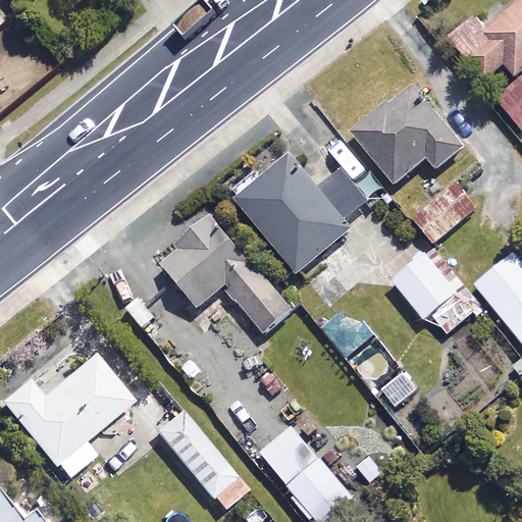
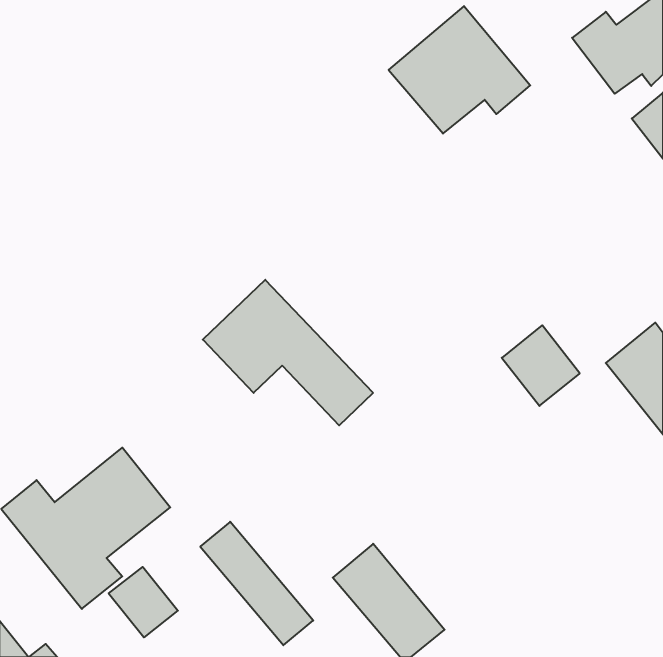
building: [351,86,462,186] -> [389,6,530,134]
building: [237,155,365,274] -> none
building: [413,178,480,243] -> none
building: none -> [109,567,178,637]

